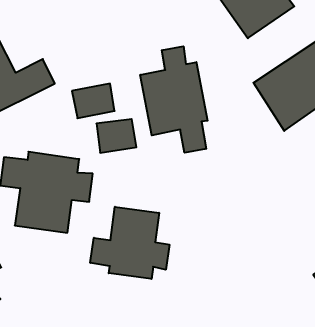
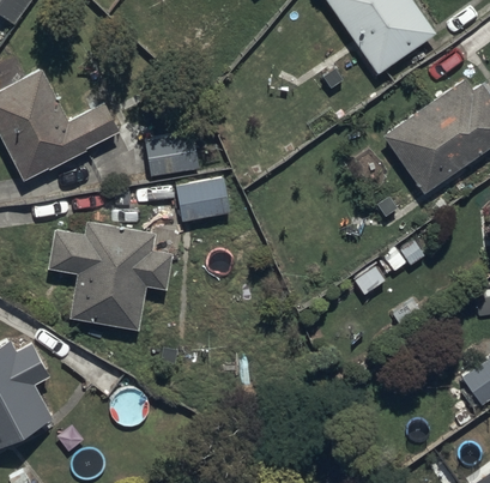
building: [140,46,208,153] -> none
building: [90,207,169,279] -> none

